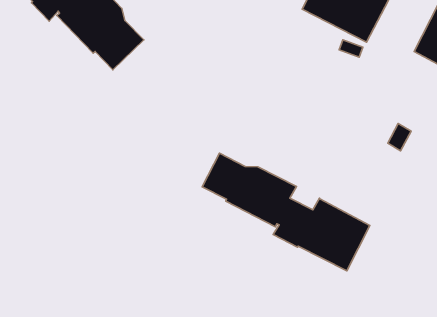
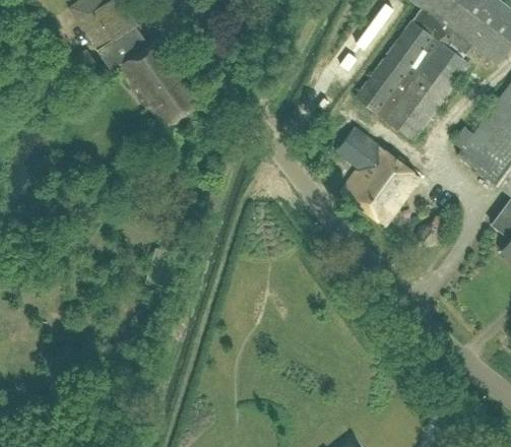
building: none -> [336,128,420,225]
building: [202,153,370,271] -> none

